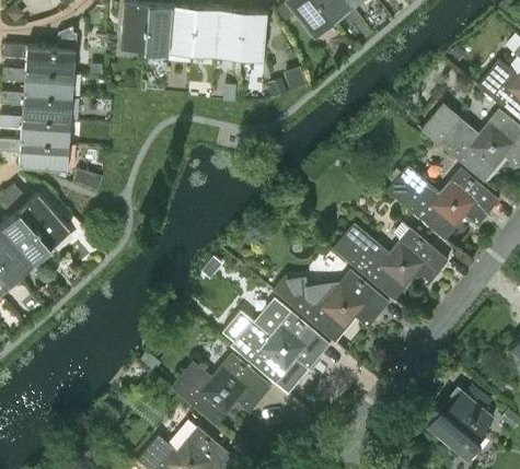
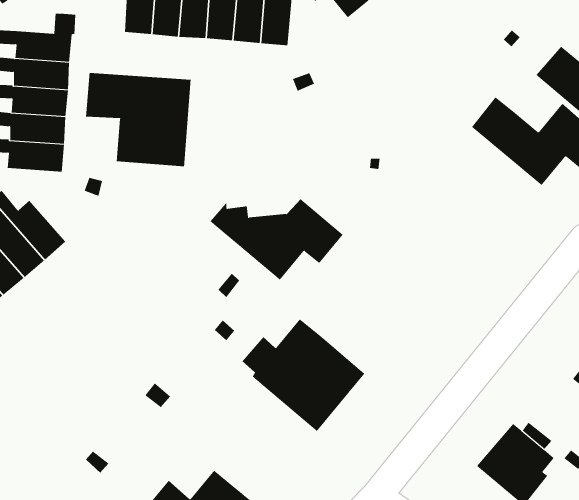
building: none -> [86,72,191,167]
building: [386,166,499,241] -> none
building: [333,224,448,301] -> none
building: [273,271,389,342] -> [210,198,343,280]
building: [172,354,270,425] -> none

